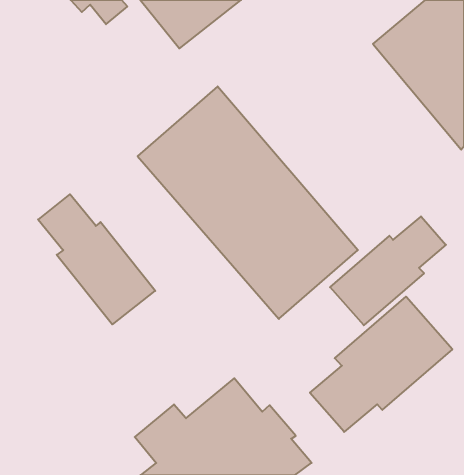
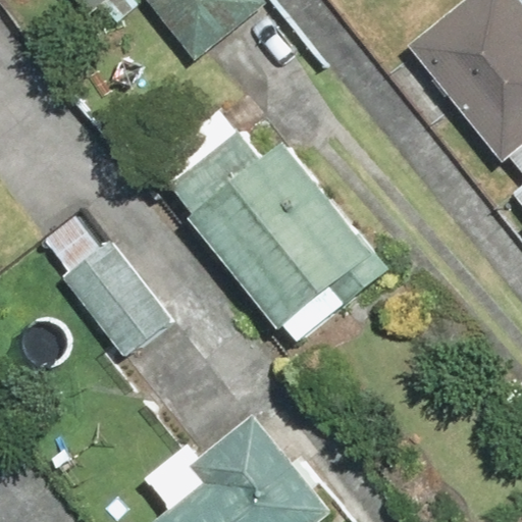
building: [330,216,446,325] -> none
building: [310,297,452,432] -> none

